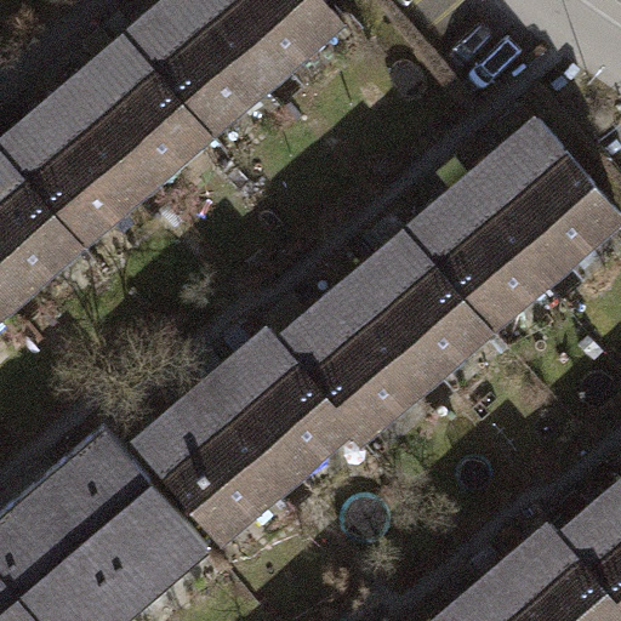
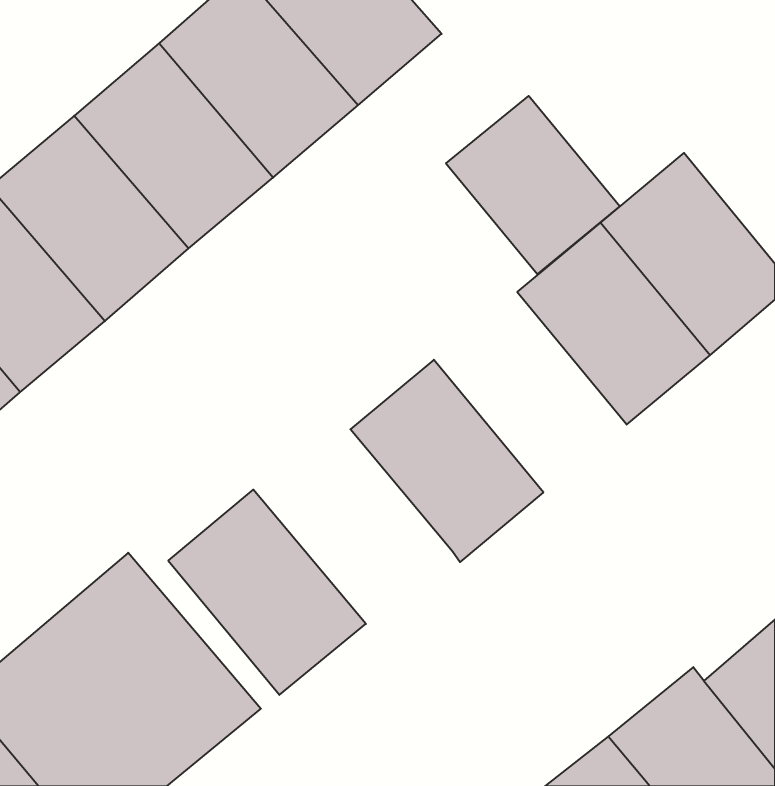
building: none -> [446,96,620,274]
building: [341,229,492,387] -> none
building: [199,327,355,490] -> none

